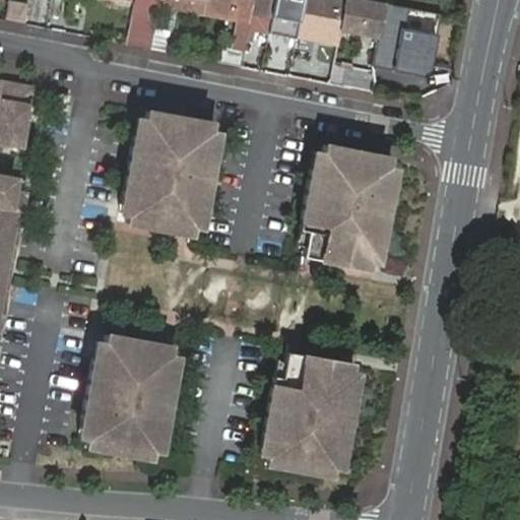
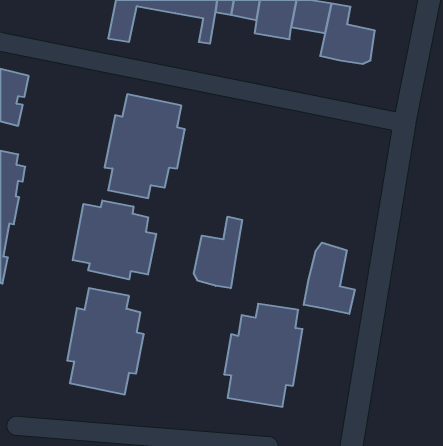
building: [305,145,395,269] -> none
building: none -> [73,200,156,279]
building: none -> [194,217,242,288]
building: none -> [304,243,355,314]

